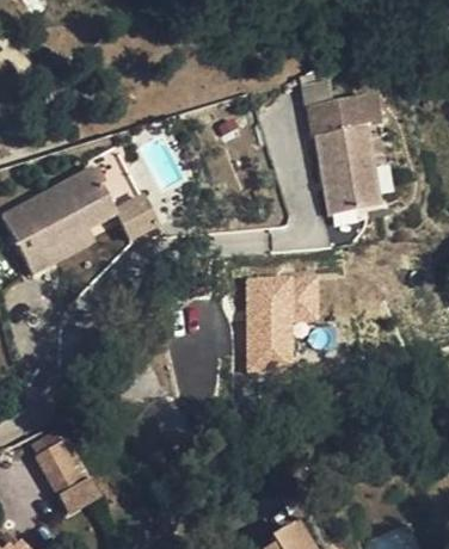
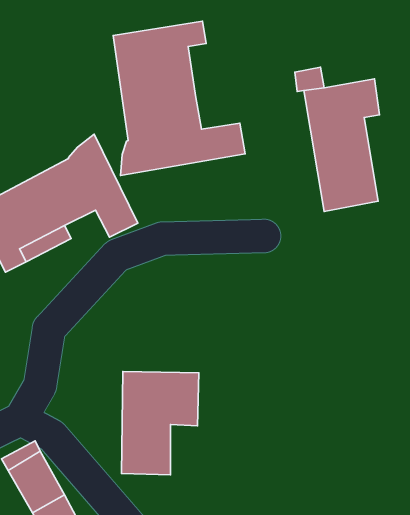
building: none -> [113,21,245,176]
building: [248,274,320,370] -> [122,372,199,475]

